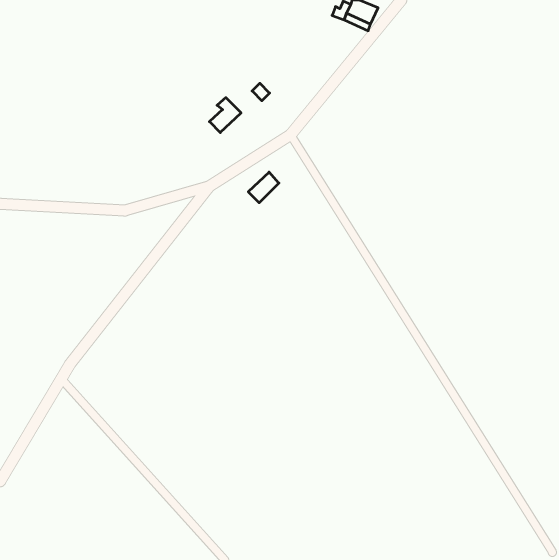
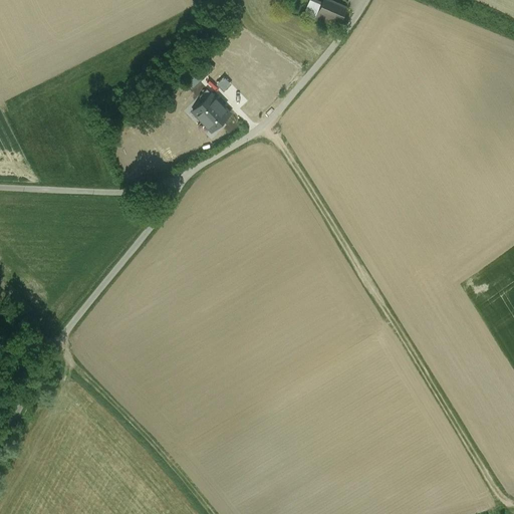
building: [248,172,279,203] -> [203,103,231,132]

